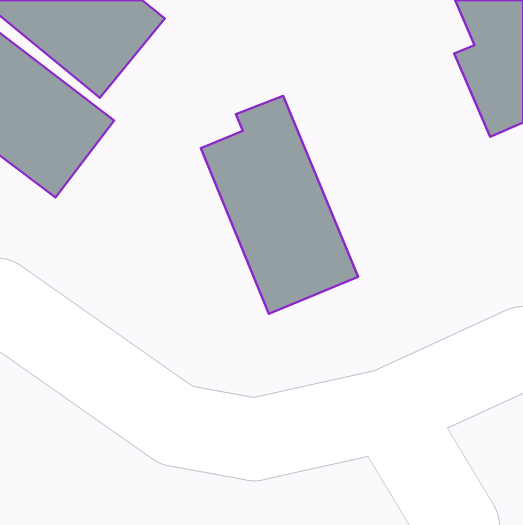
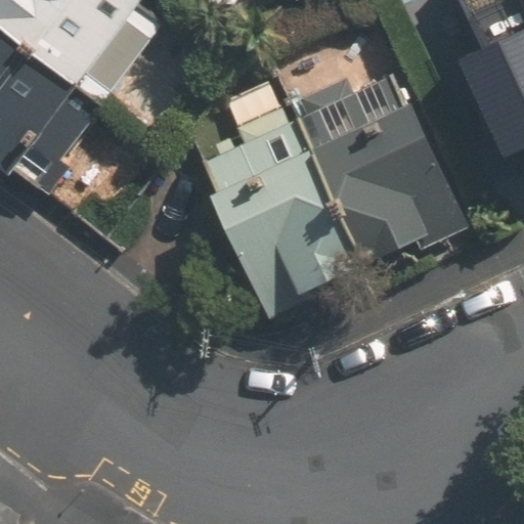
building: none -> [297,68,454,254]

